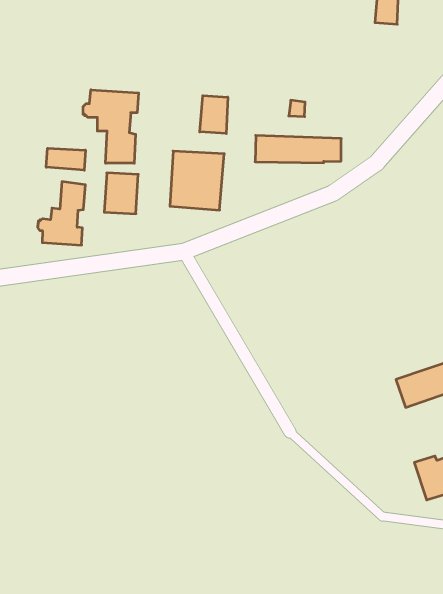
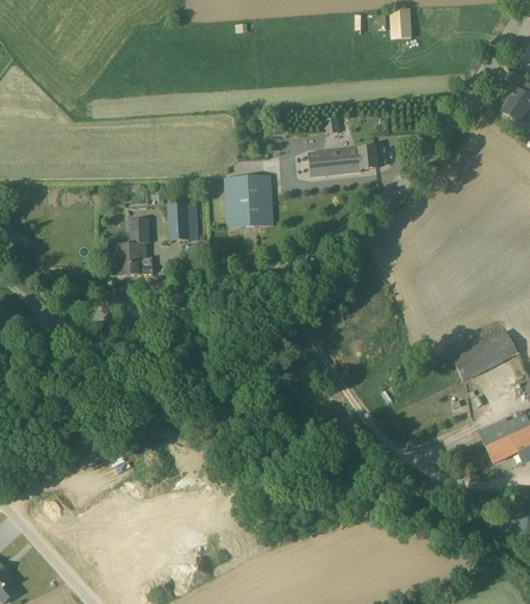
building: [83,90,139,163] -> none
building: [200,96,228,134] -> none
building: [46,148,85,170] -> none

